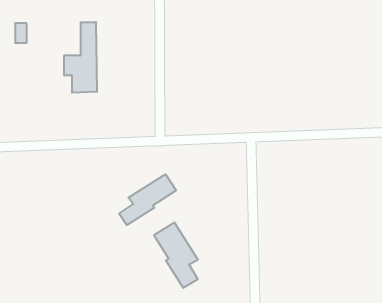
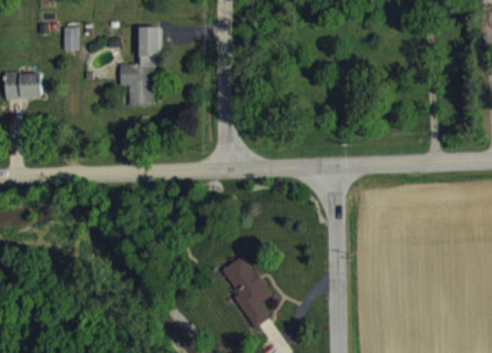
building: [119,174,176,225] -> none

